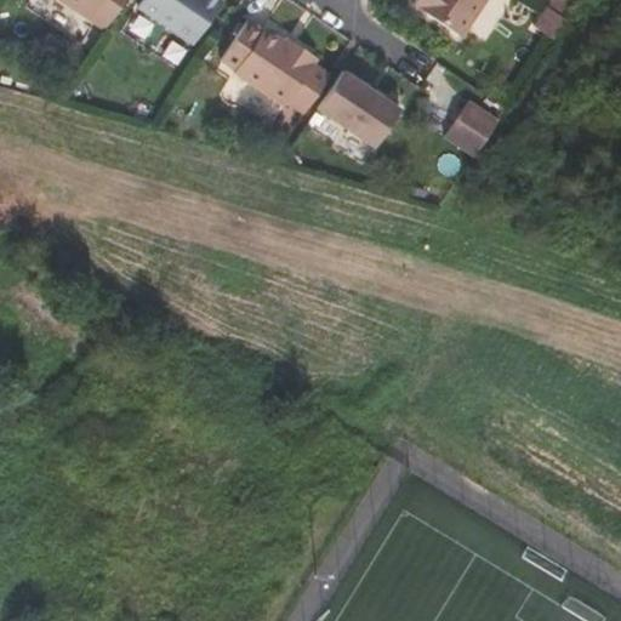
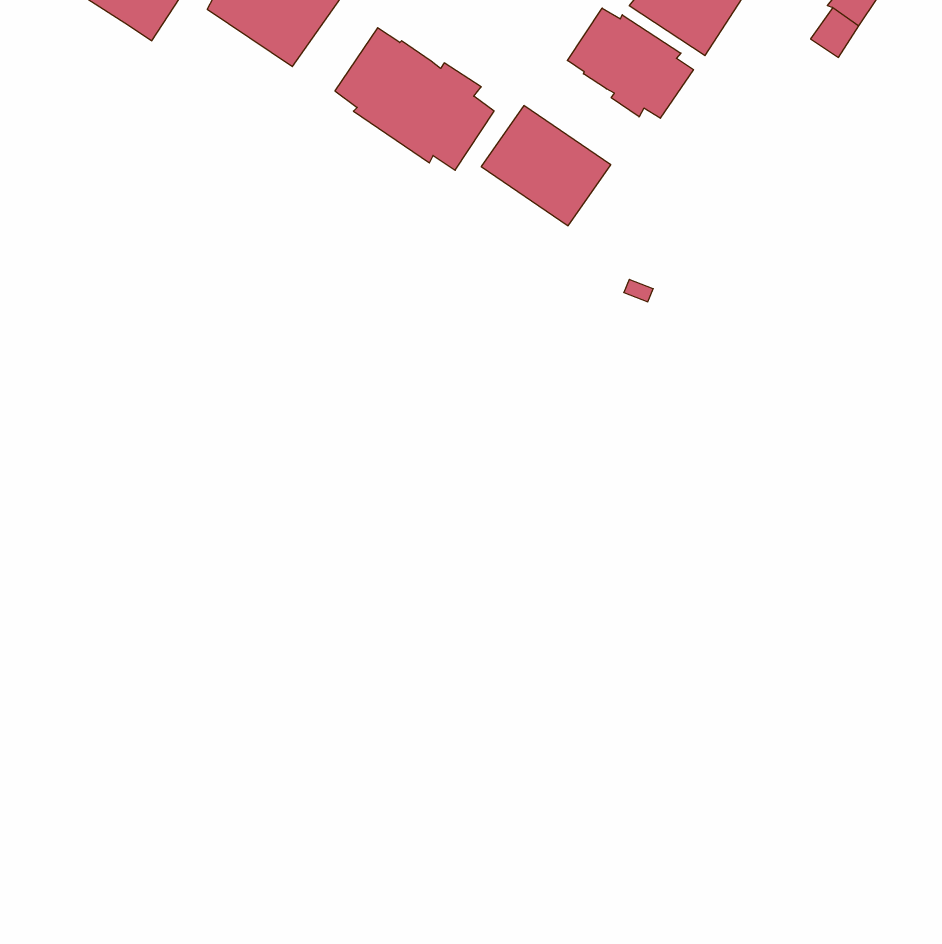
building: none -> [567,8,693,118]
building: [443,97,497,153] -> none

